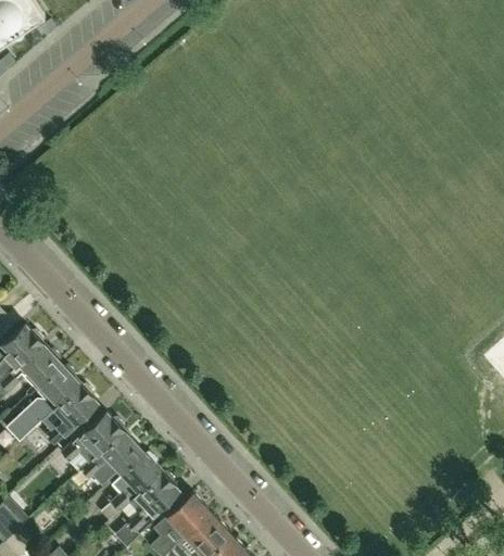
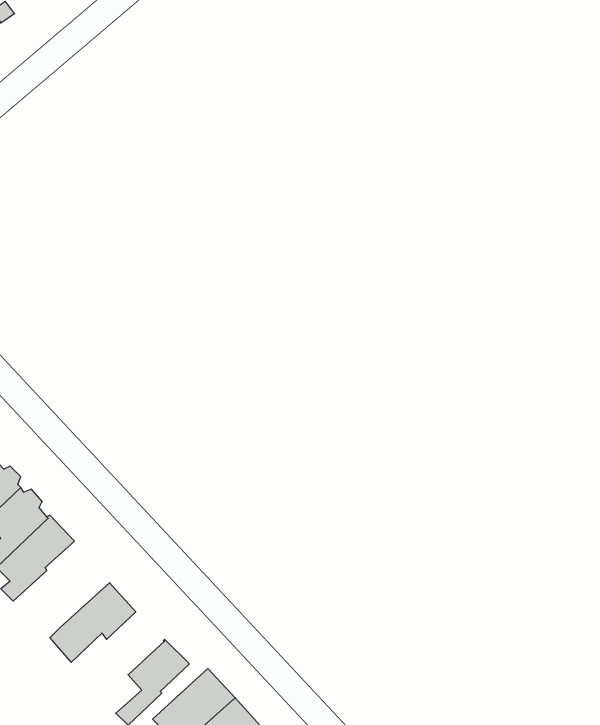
building: [62,413,124,464] -> none
building: [110,453,162,513] -> none

